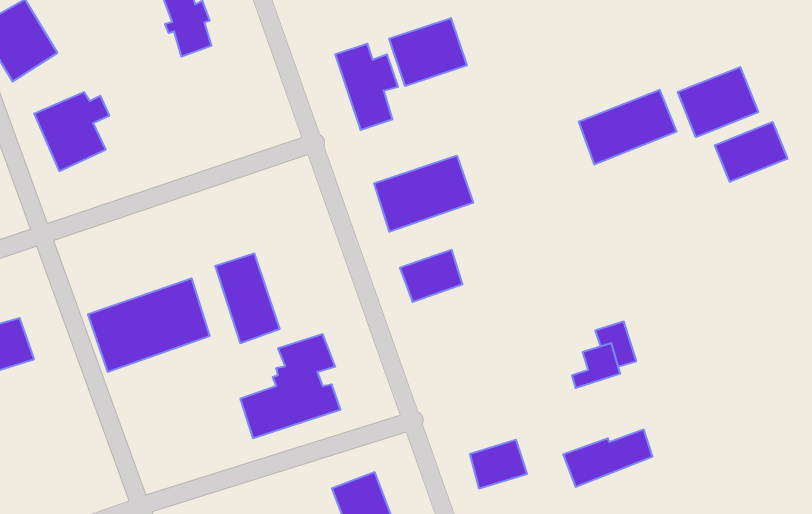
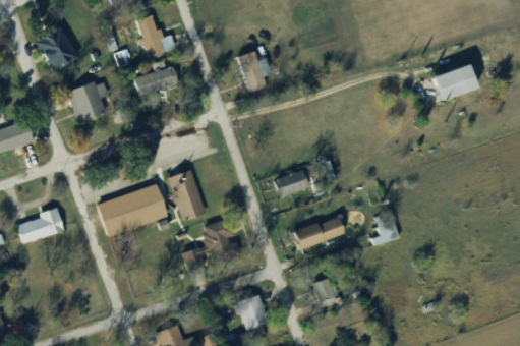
building: [389,18,467,86] -> none
building: none -> [133,63,179,97]
building: [579,90,677,165] -> none
building: [715,122,787,182] -> none
building: [374,156,473,232] -> none
building: [563,430,653,487] -> [292,217,343,249]

